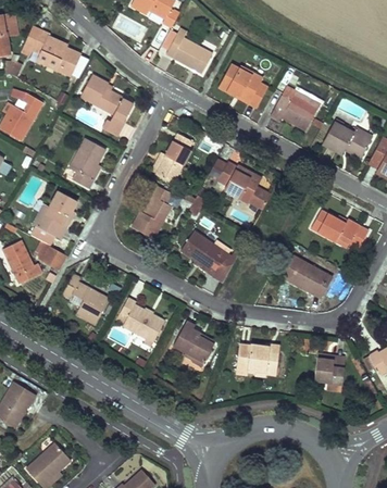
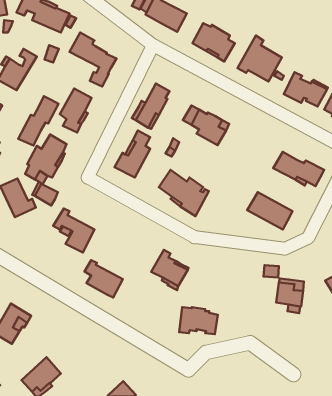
building: none -> [18,96,59,146]
building: [121,299,164,341] -> [84,260,123,298]
building: [236,345,279,375] -> [179,307,218,334]

